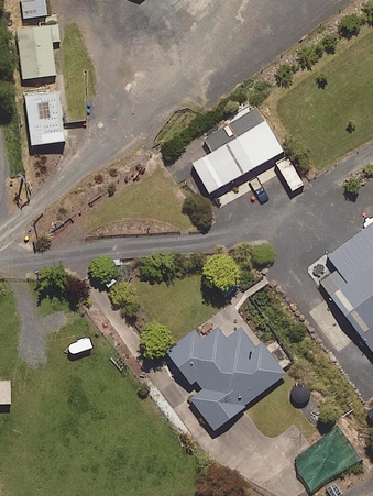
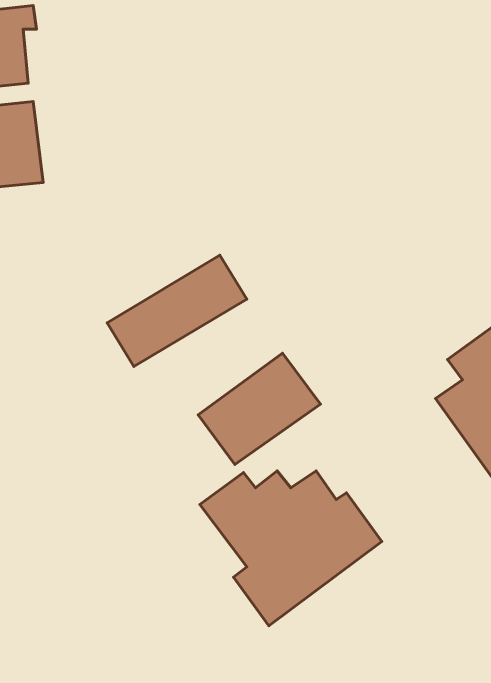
building: [191,121,283,194] -> [107,255,247,367]
building: none -> [198,353,320,464]

